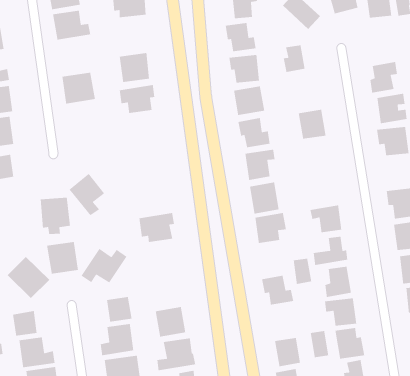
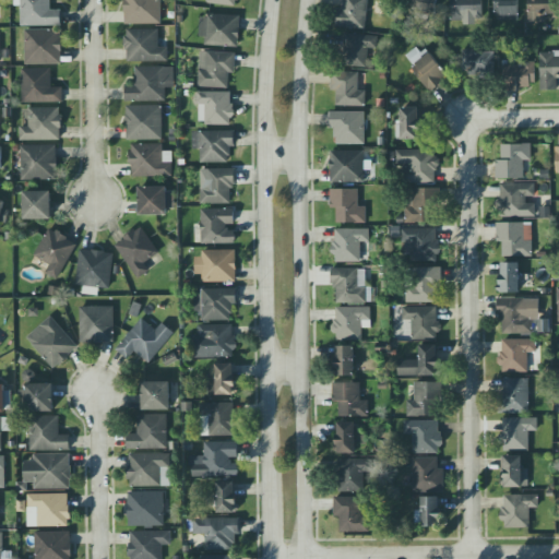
building: none -> [198,51,235,87]
building: none -> [124,66,173,100]
building: none -> [394,148,436,182]
building: none -> [129,143,171,177]
building: none -> [199,168,234,203]
building: none -> [138,187,174,215]
building: none -> [400,227,435,261]
building: none -> [200,207,234,243]
building: none -> [499,262,519,293]
building: none -> [406,266,440,302]
building: none -> [193,250,235,282]
building: none -> [33,227,76,280]
building: none -> [193,323,233,357]
building: [293,258,312,285] -> [334,345,354,376]
building: none -> [207,362,234,394]
building: [310,330,329,358] -> [335,421,355,453]

